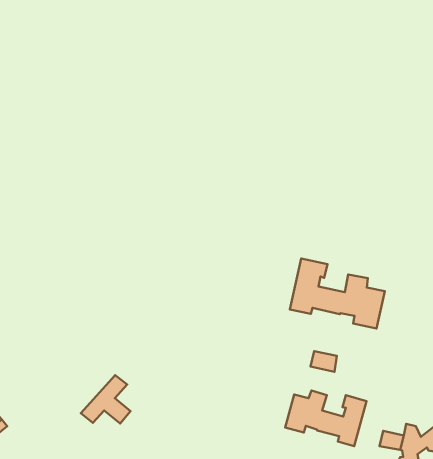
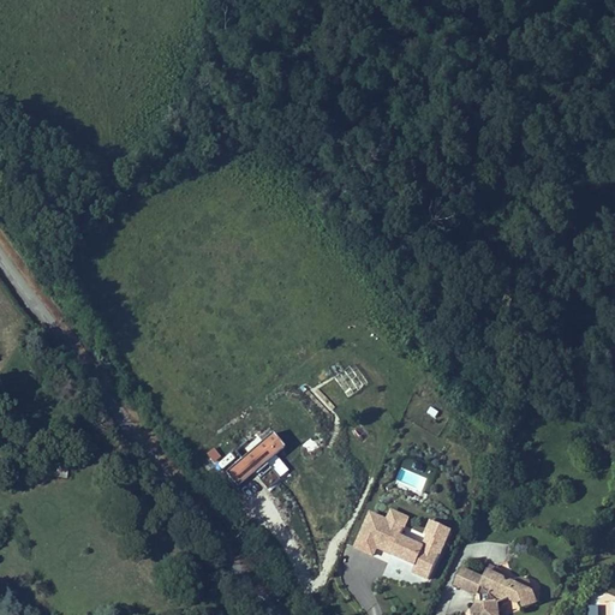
building: [290,259,385,329] -> none
building: [81,375,131,423] -> [225,432,283,489]

